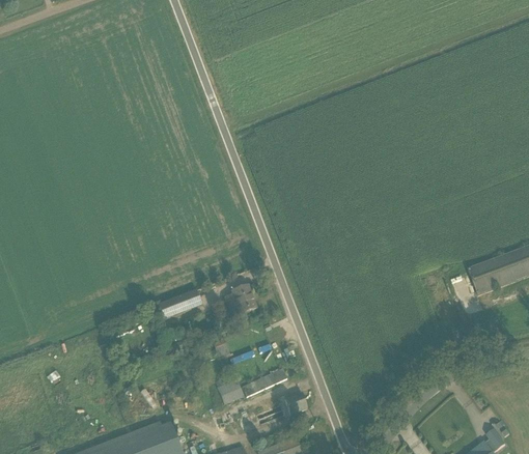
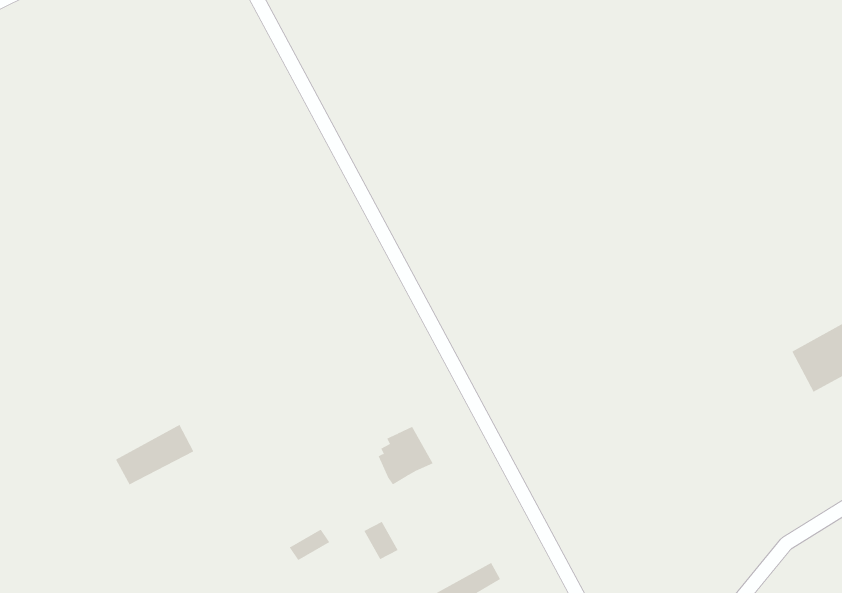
building: [156,289,201,320] -> [115,424,194,485]

